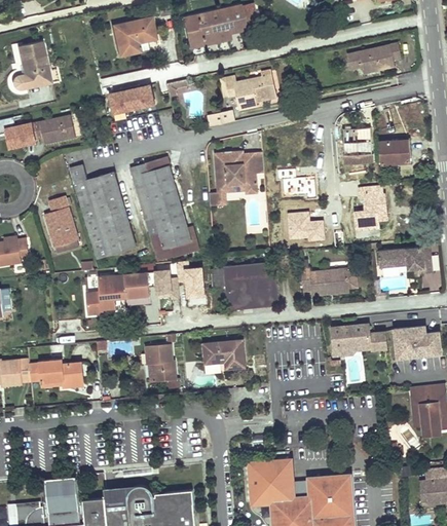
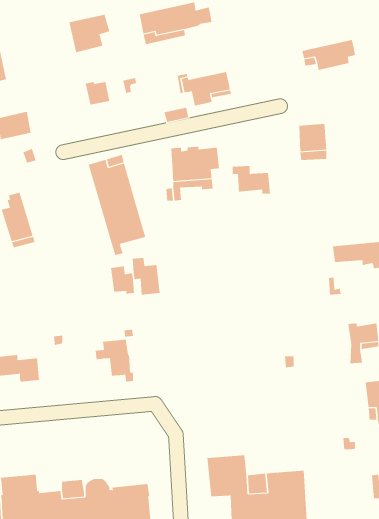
building: [110,87,134,113] -> none
building: [380,140,409,163] -> none
building: [70,165,134,254] -> none
building: [355,187,385,230] -> none
building: [287,212,324,240] -> none
building: [164,225,198,258] -> none
building: [210,263,278,309] -> none
building: [300,269,348,295] -> none
building: [86,272,150,314] -> none
building: [332,324,386,354] -> none
building: [203,340,245,370] -> none

